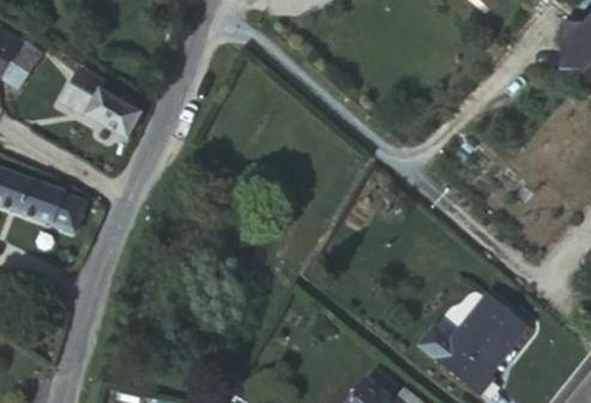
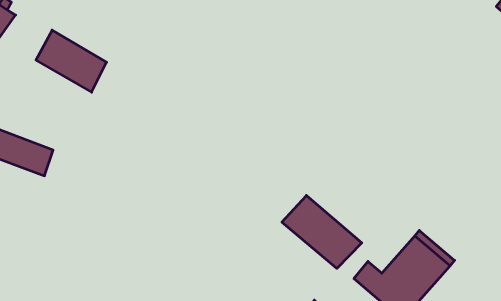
building: none -> [282,195,362,268]

